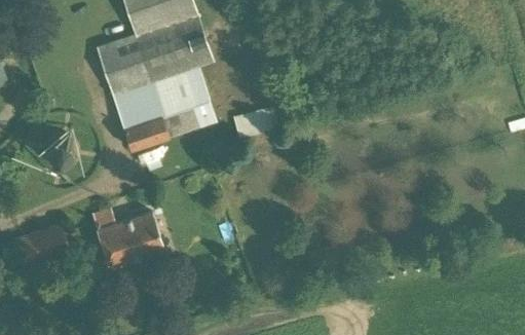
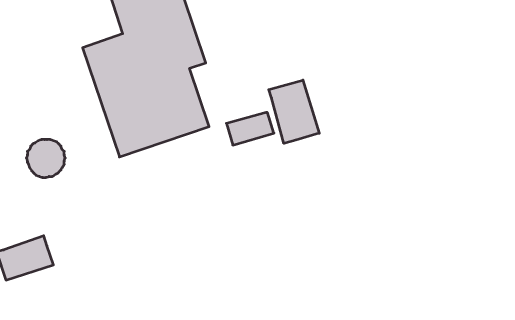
building: none -> [269,80,319,143]
building: [91,211,164,268] -> none

